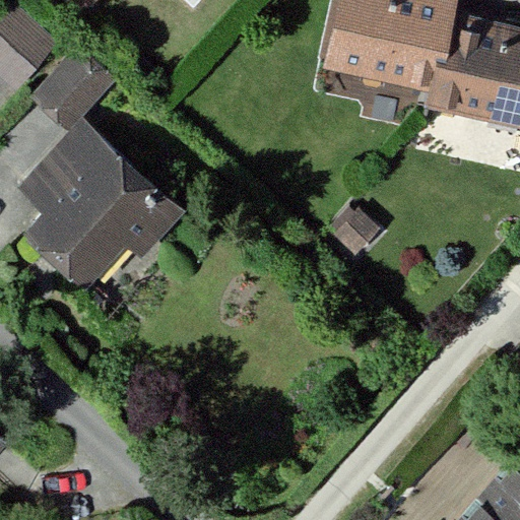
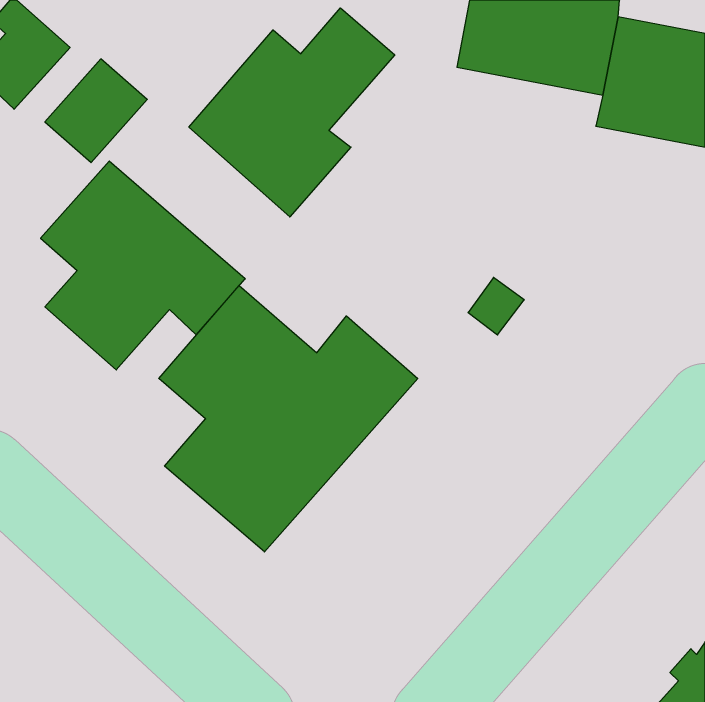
building: none -> [189,8,395,217]
building: none -> [159,286,418,552]

